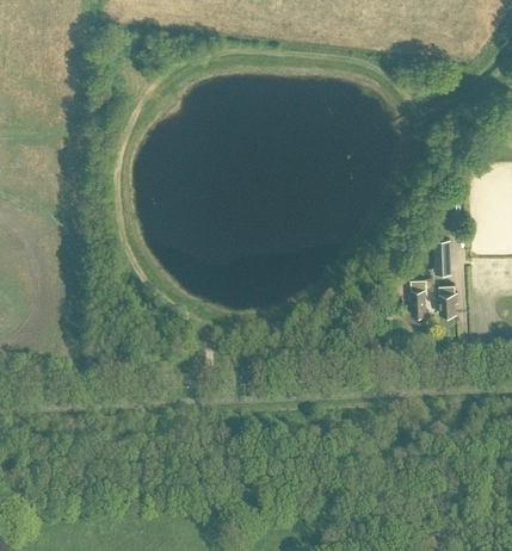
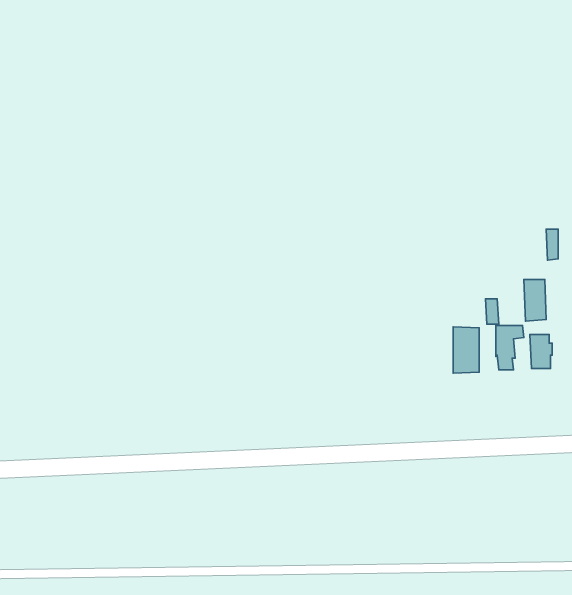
building: none -> [453,327,479,373]

